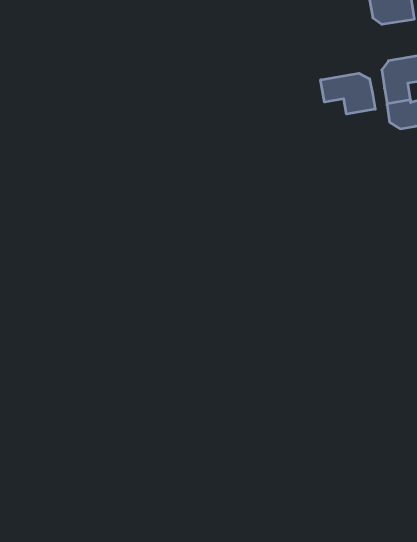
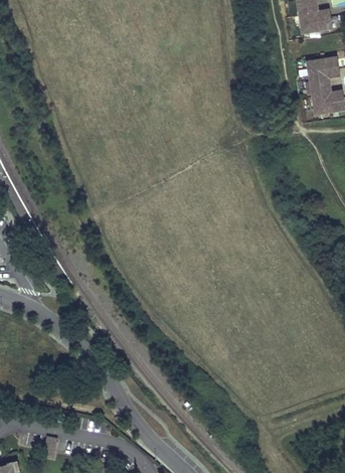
building: [321,73,375,114] -> none

